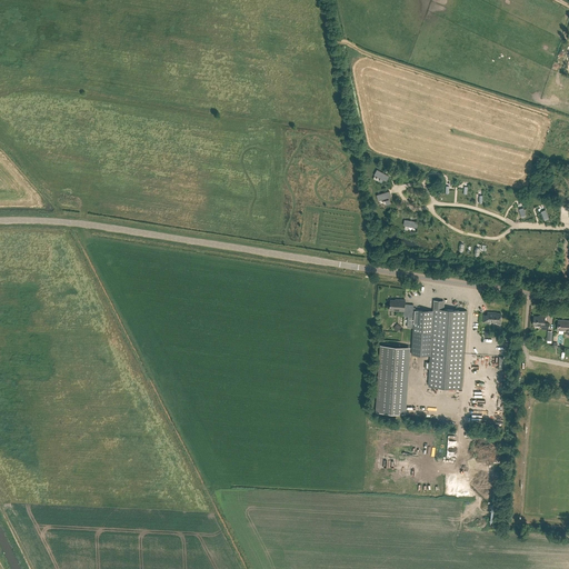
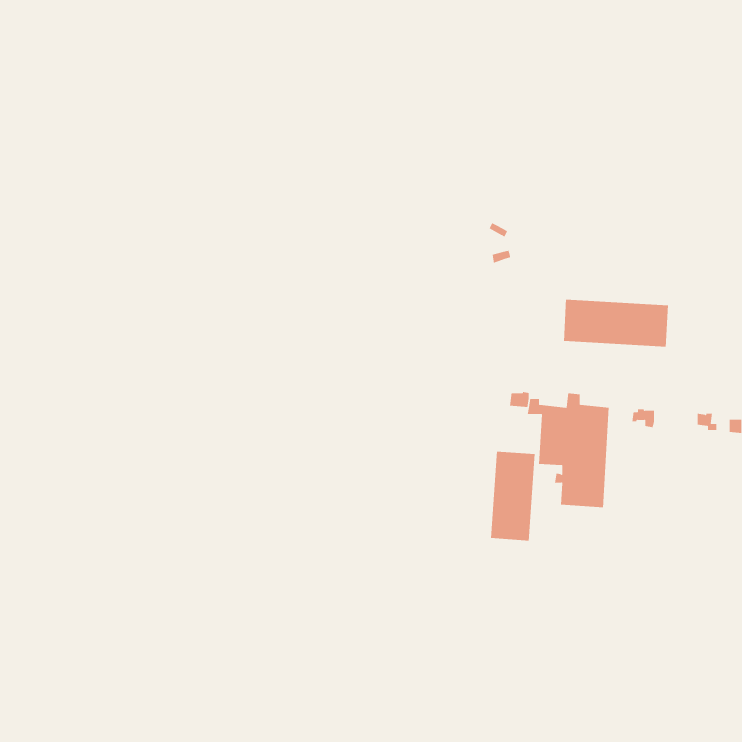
building: none -> [563,299,668,347]

